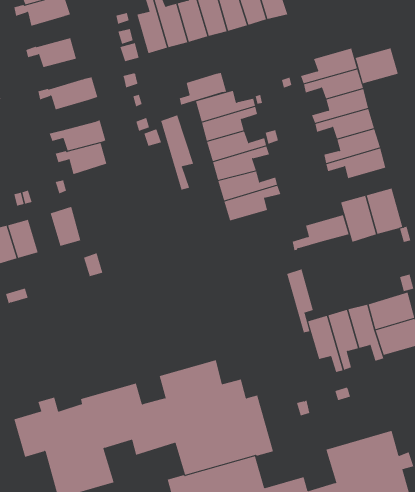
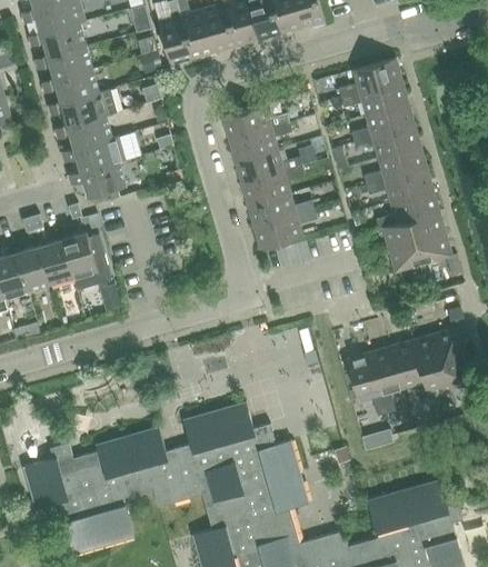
building: none -> [29,23,86,57]
building: [355,48,398,84] -> none
building: none -> [42,70,99,103]
building: [179,72,227,106] -> none
building: none -> [56,116,112,149]
building: [160,115,194,190] -> none
building: none -> [39,240,73,284]
building: [292,214,349,251] -> [376,190,439,230]
building: [286,269,314,333] -> none

